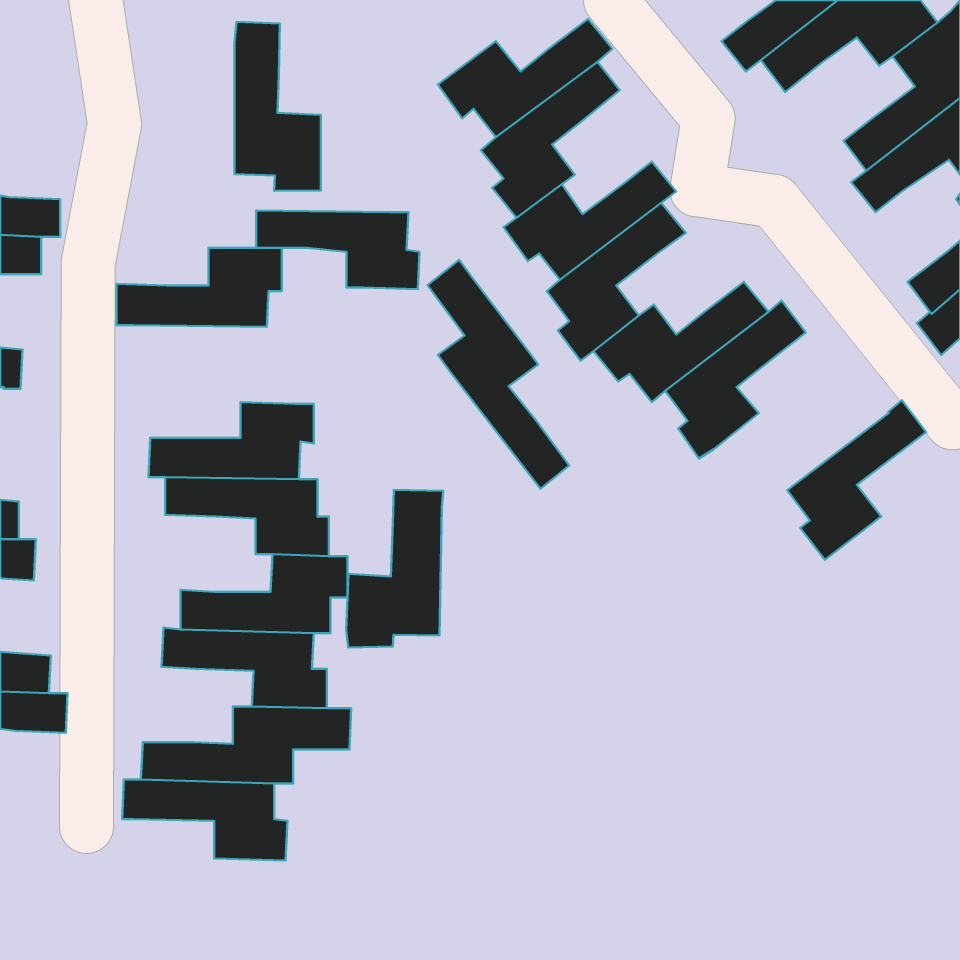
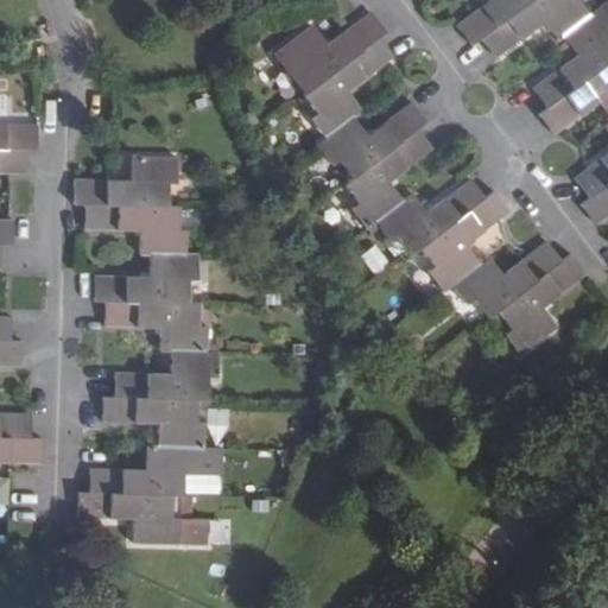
building: [235,22,321,191] -> none
building: [256,210,420,289] -> [84,205,188,255]
building: [428,260,569,489] -> none
building: none -> [451,241,562,316]
building: [346,490,443,648] -> none

